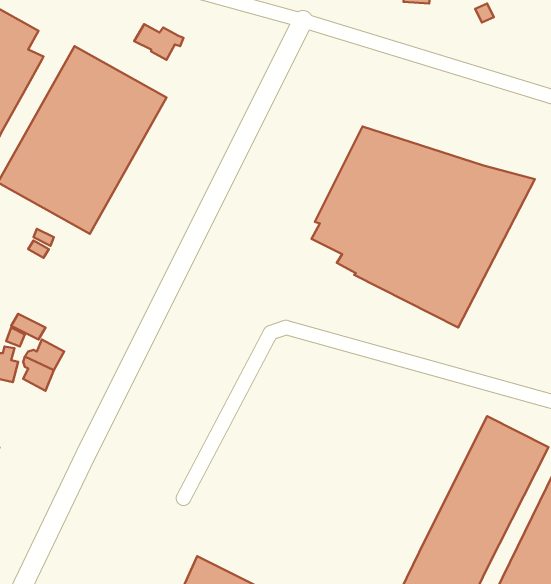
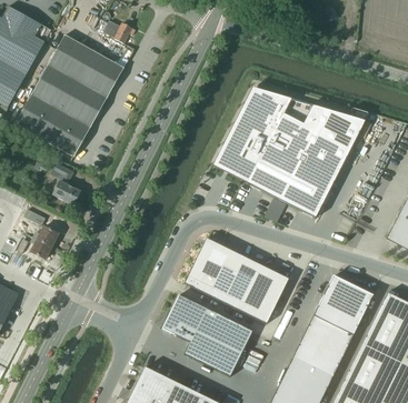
building: none -> [50,161,80,203]
building: none -> [185,236,289,322]
building: none -> [161,293,252,375]

